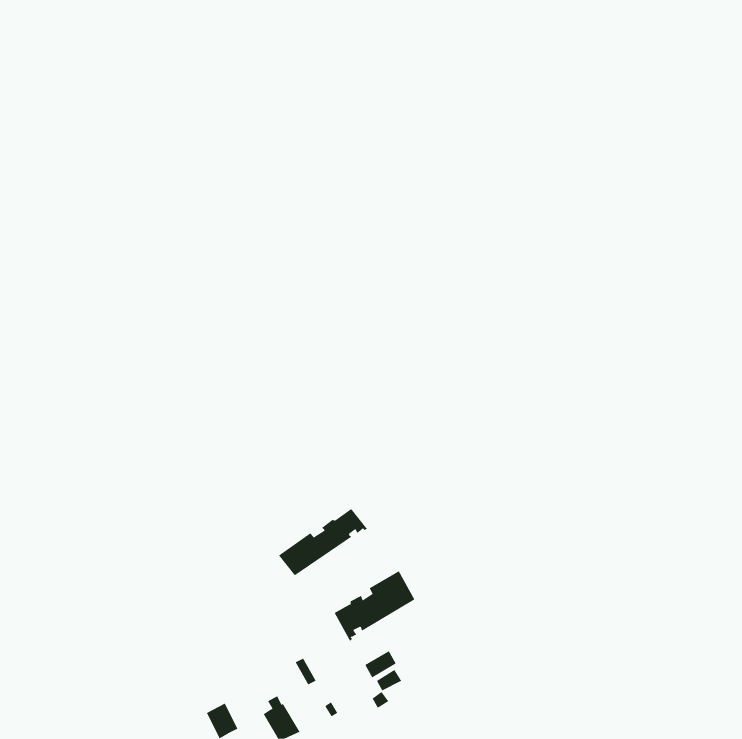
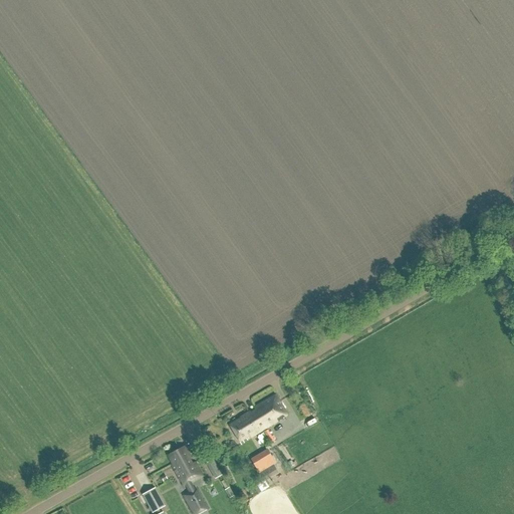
building: [278,508,368,576] -> none
building: none -> [169,446,203,485]

